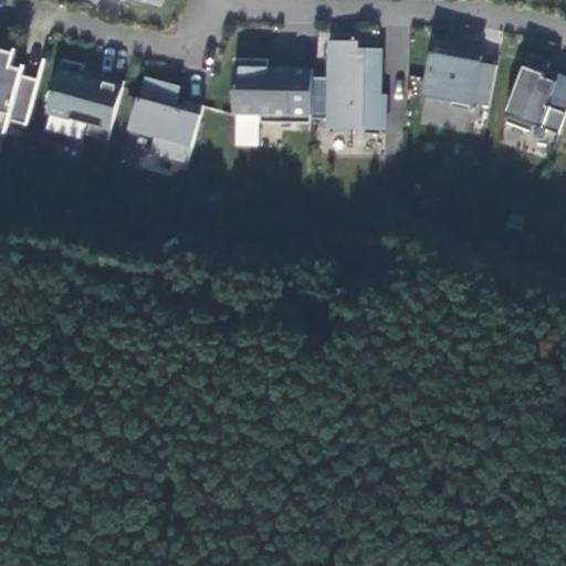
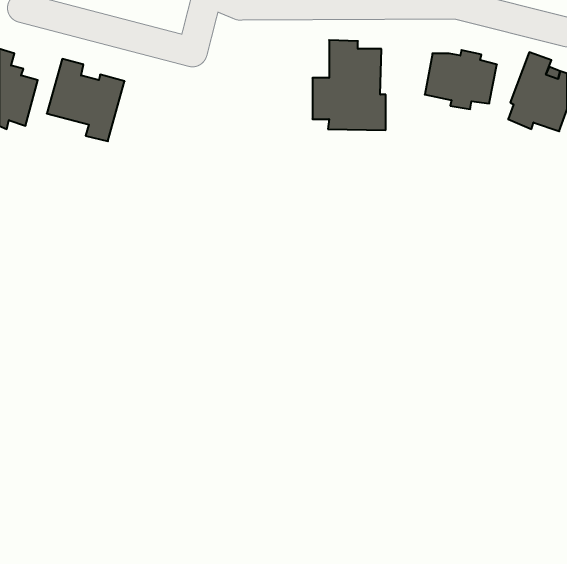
building: [232,57,312,123] -> none
building: [133,77,202,165] -> none

